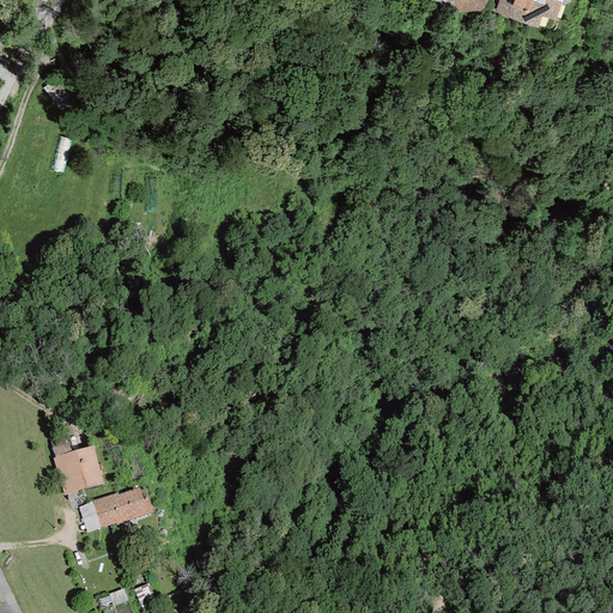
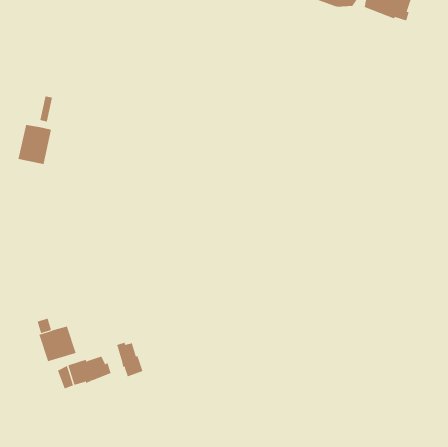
building: none -> [18,124,52,165]
building: none -> [117,342,143,377]

